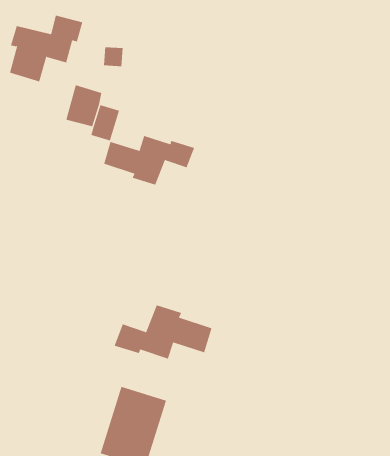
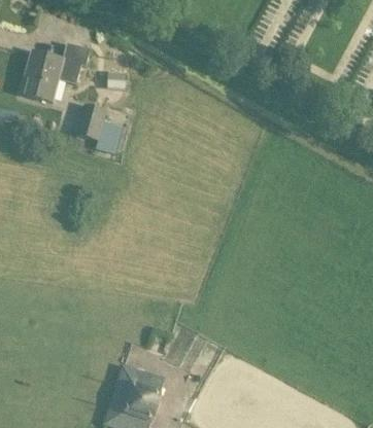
building: [104,135,195,185] -> none
building: [114,305,212,360] -> none

